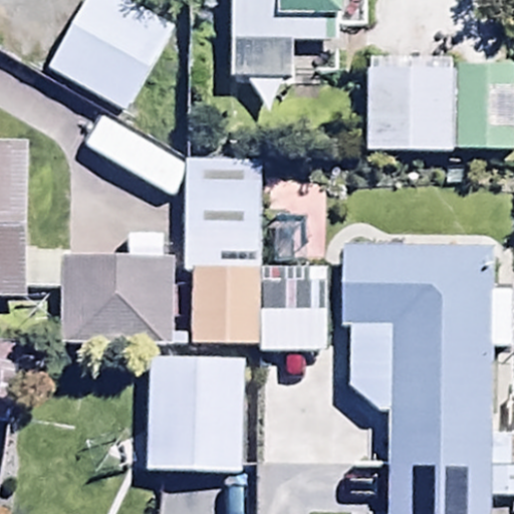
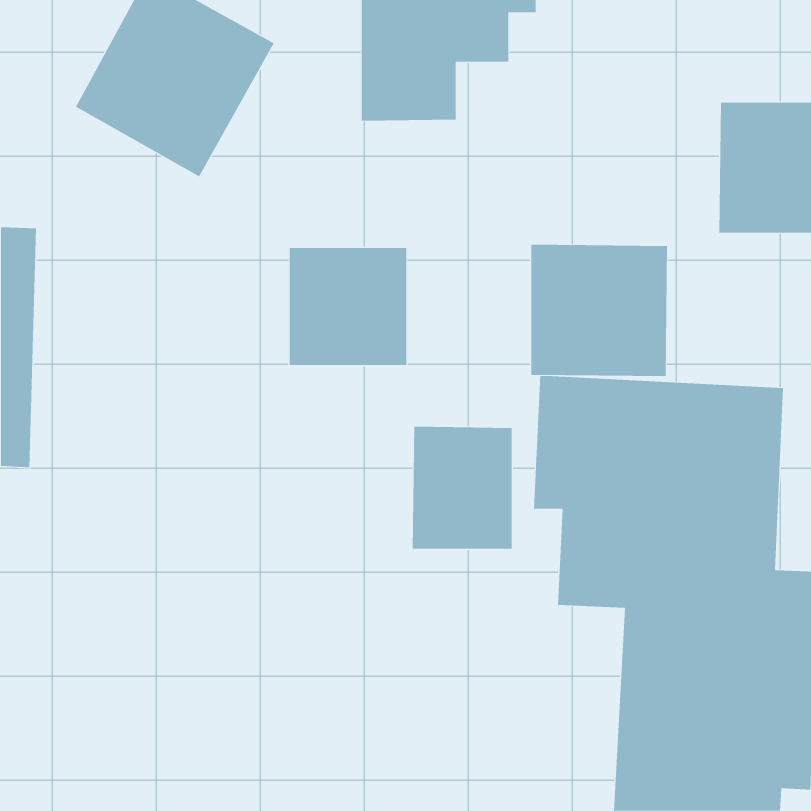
building: [369,63,456,147] -> [531,244,668,377]
building: [59,252,169,343] -> none
building: [190,268,263,345] -> none
building: [145,356,246,468] -> none

